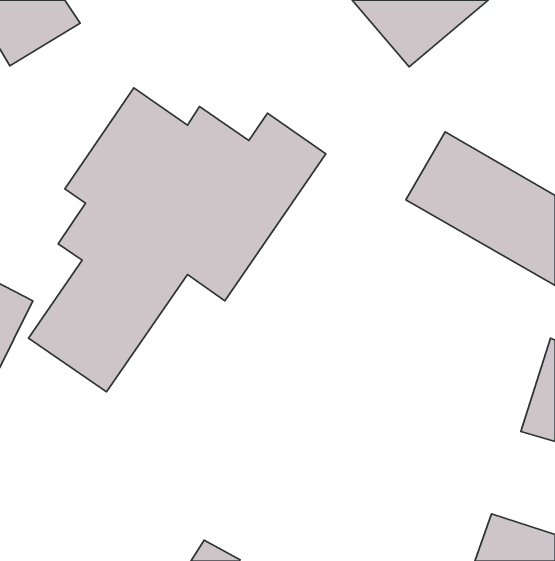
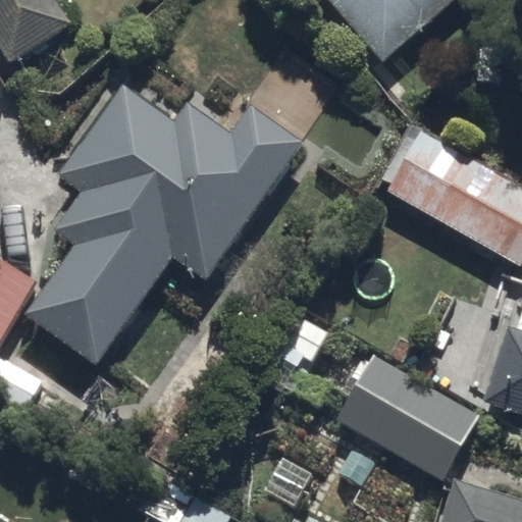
building: none -> [333,351,477,477]

